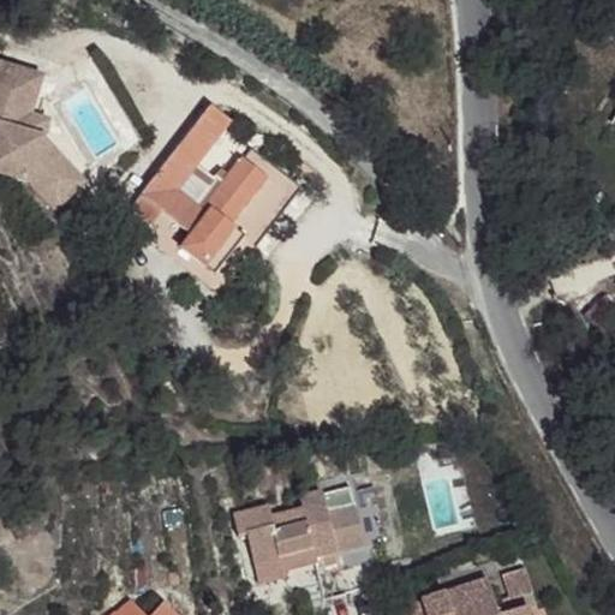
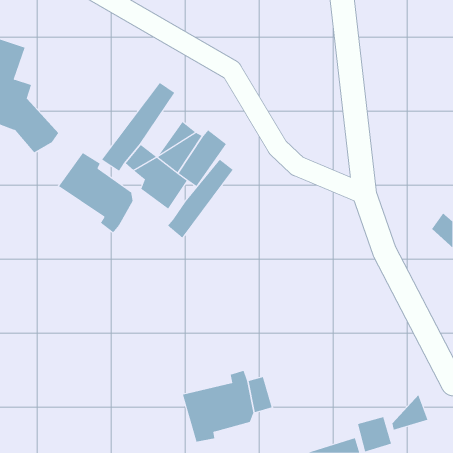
building: none -> [58,152,133,233]
building: none -> [167,159,233,239]
building: none -> [392,394,428,431]

